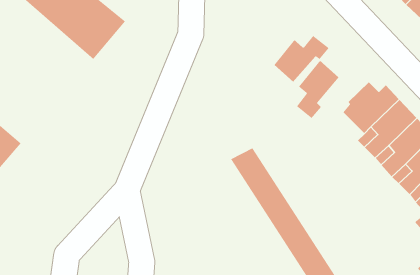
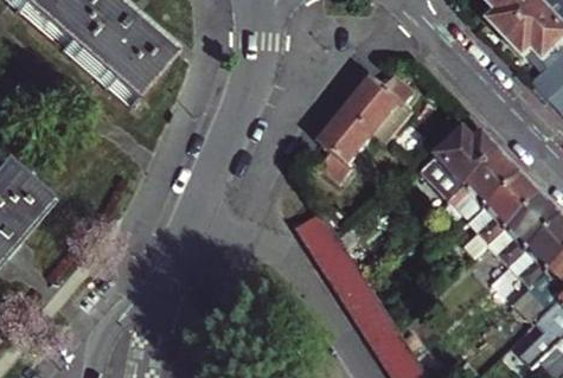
building: [296,60,339,119] -> [320,109,372,180]

